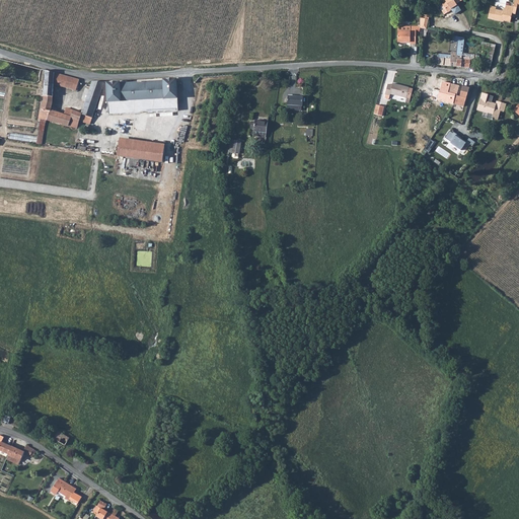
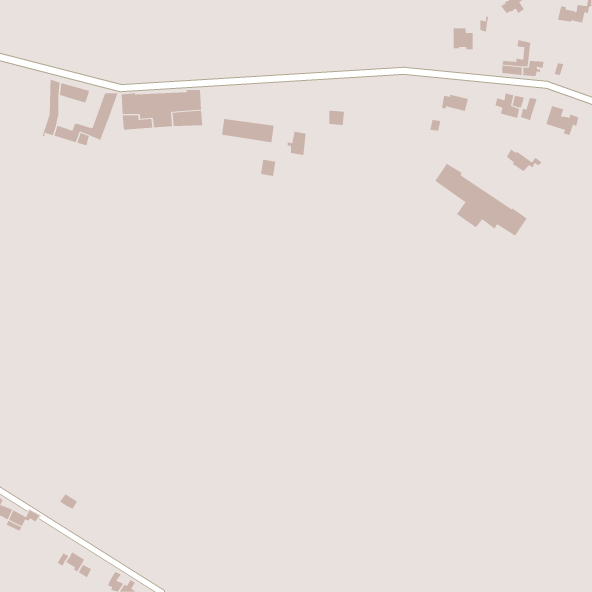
building: [117,140,163,161] -> [221,118,275,143]
building: none -> [435,163,527,236]

